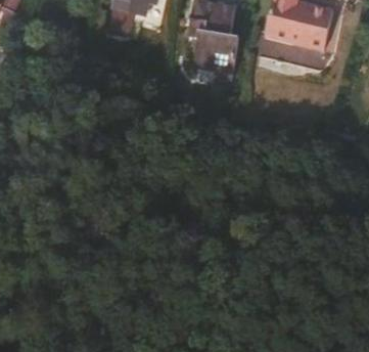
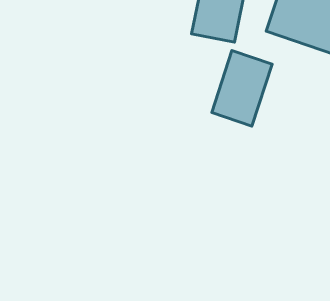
building: none -> [212,50,272,126]

